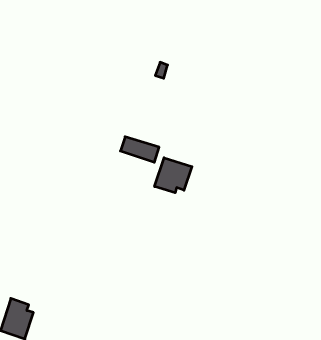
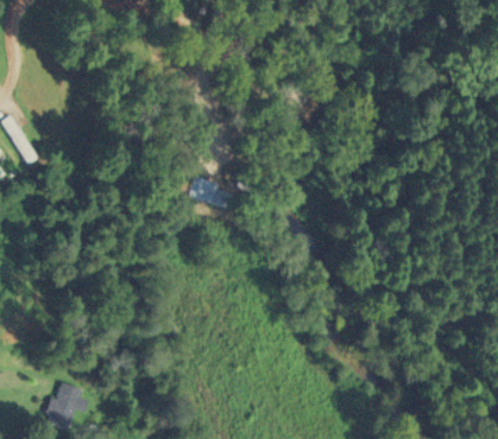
building: [155,158,192,193] -> none

